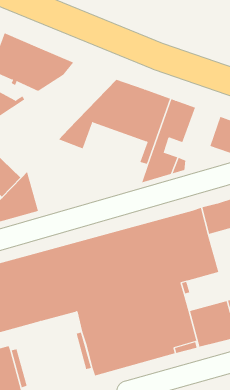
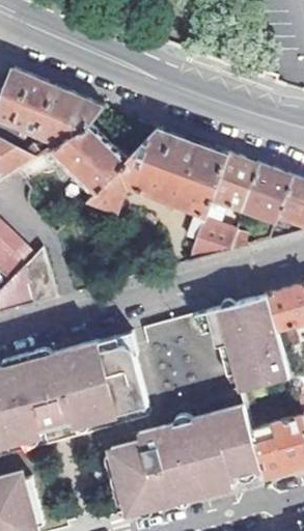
building: none -> [48,120,156,193]
building: none -> [242,165,289,221]

